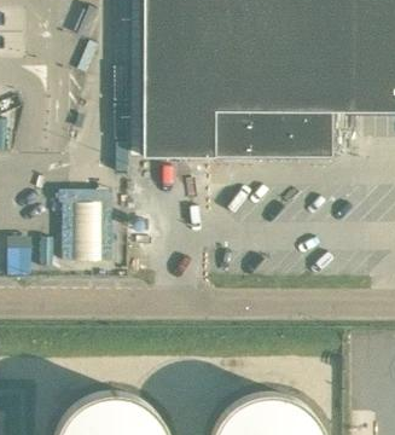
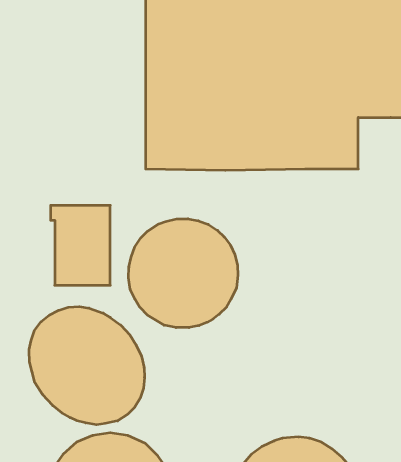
building: none -> [128,219,238,328]
building: none -> [29,307,144,425]

